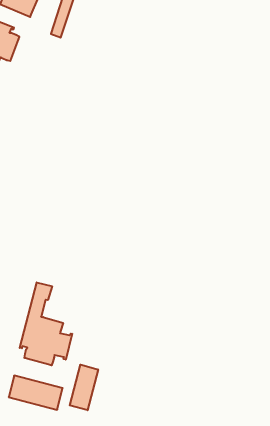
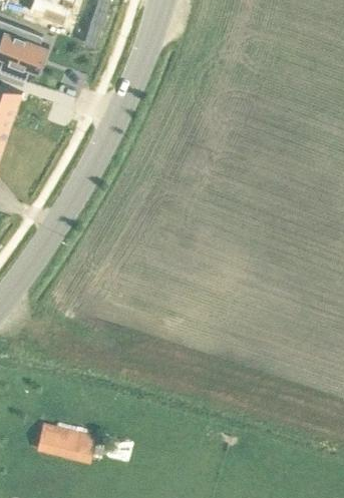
building: [20,282,72,365] -> none
building: [70,365,98,410] -> none

